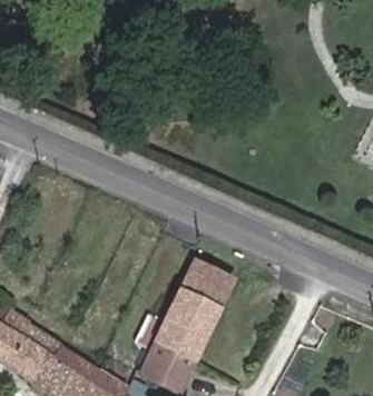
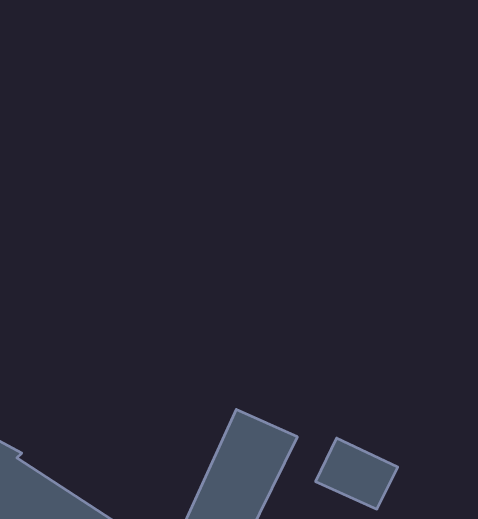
building: [179,258,236,307] -> [316,438,398,509]

